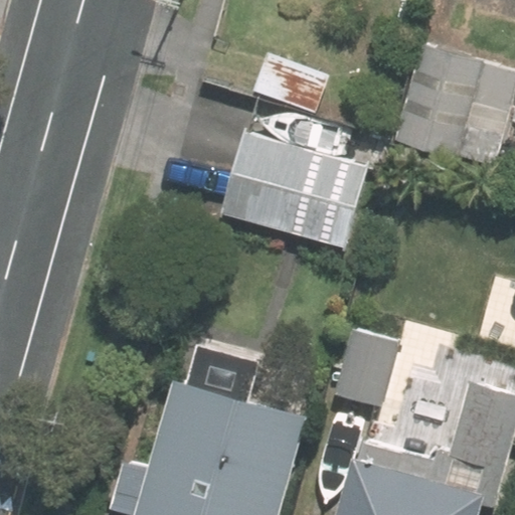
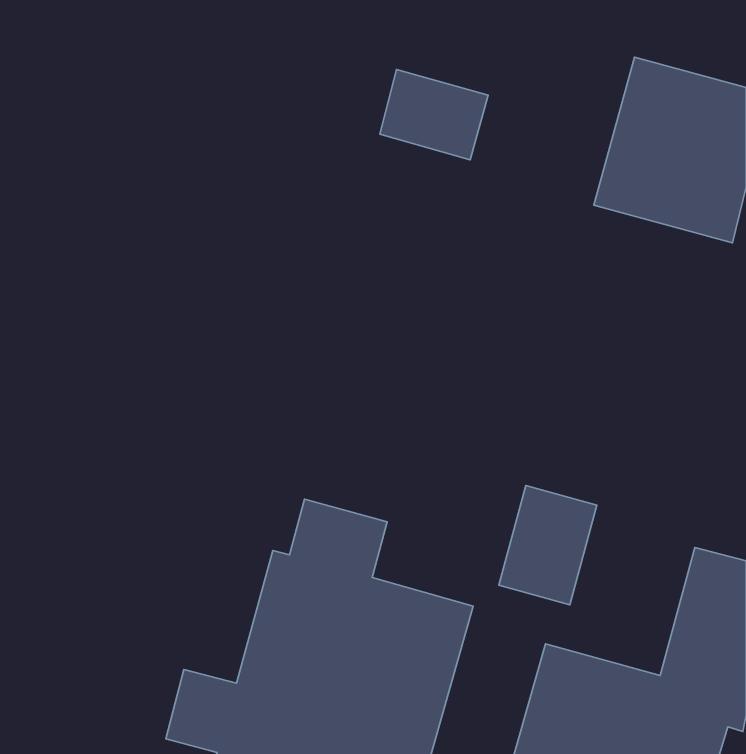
building: [220,121,380,247] -> none

